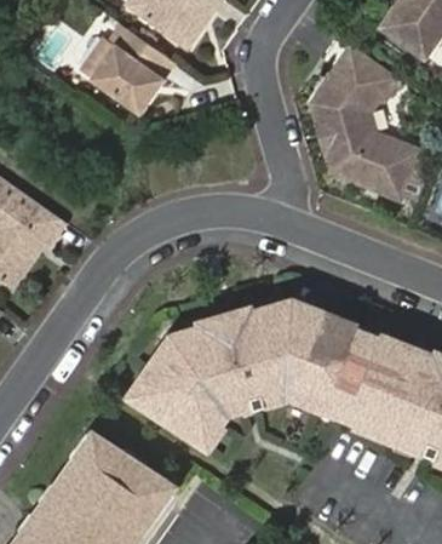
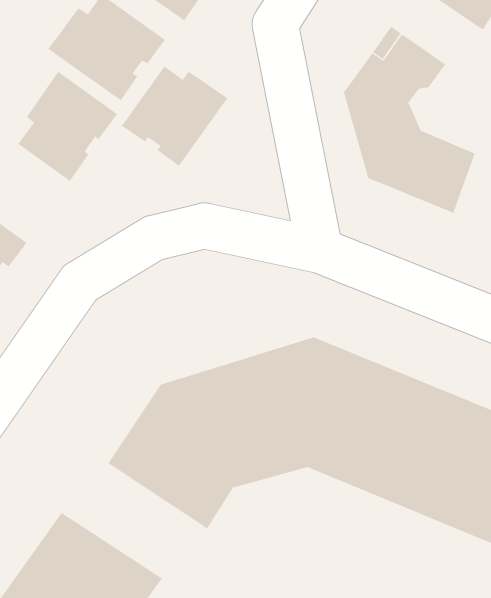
building: none -> [121,66,228,167]
building: none -> [17,71,118,182]

